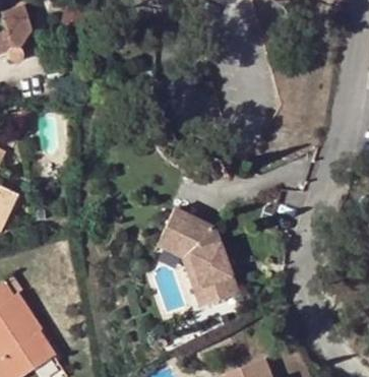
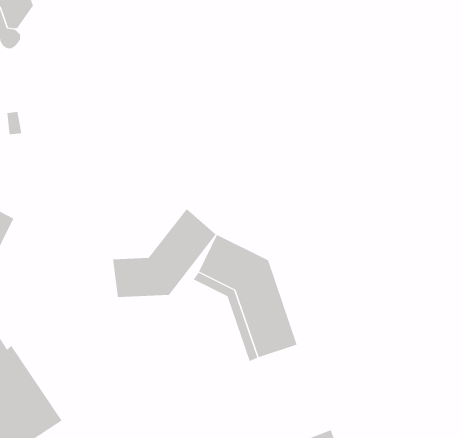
building: none -> [112,208,216,298]

